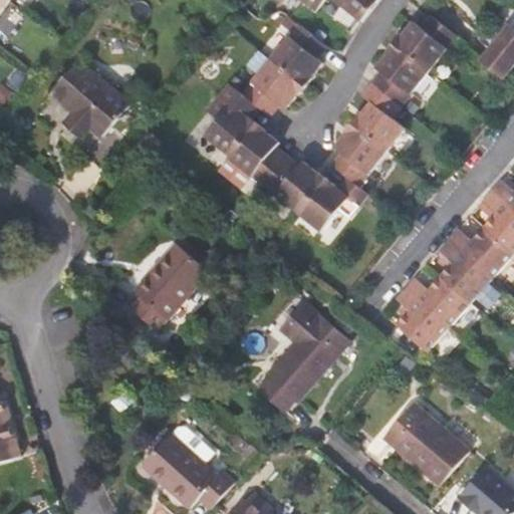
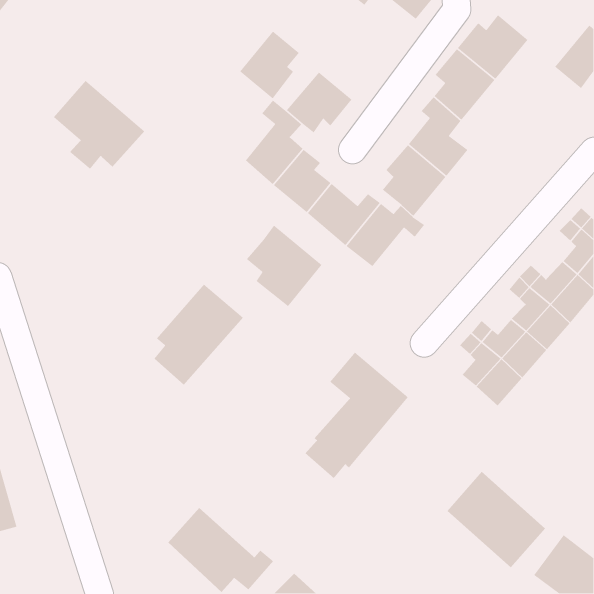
building: [273,26,325,85] -> [239,30,300,100]
building: none -> [246,224,322,307]

